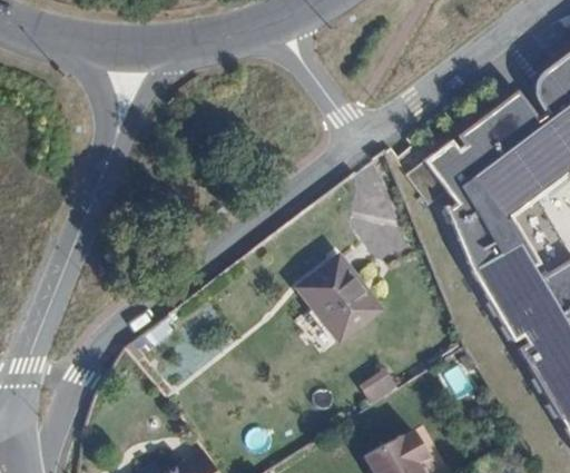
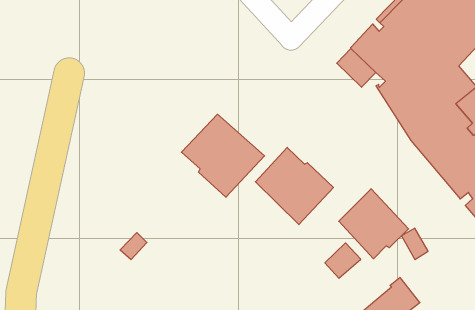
building: none -> [181,114,265,197]
building: none -> [339,189,409,259]

